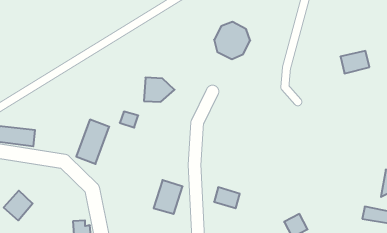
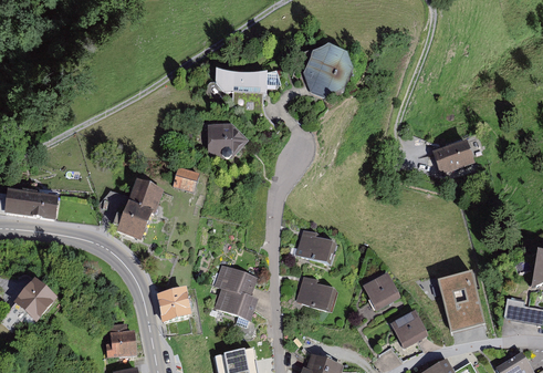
building: none -> [215,72,271,90]
building: [340,51,369,73] -> [434,142,473,173]
building: none -> [297,232,332,262]
building: none -> [435,266,483,327]
building: none -> [368,271,400,303]
building: none -> [156,288,187,320]

